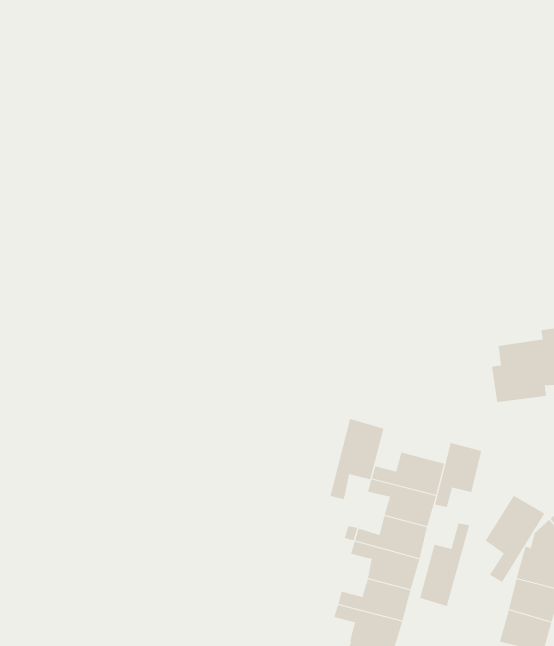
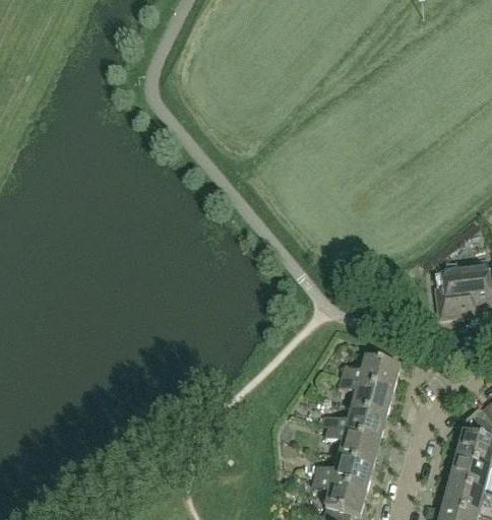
building: [330,418,384,500] -> none
building: [435,442,482,508] -> none
building: [485,495,545,583] -> none
building: [419,522,470,607] -> none

